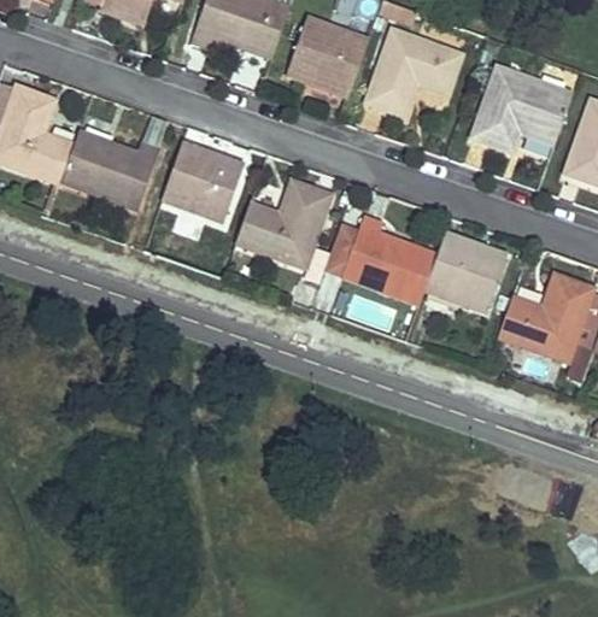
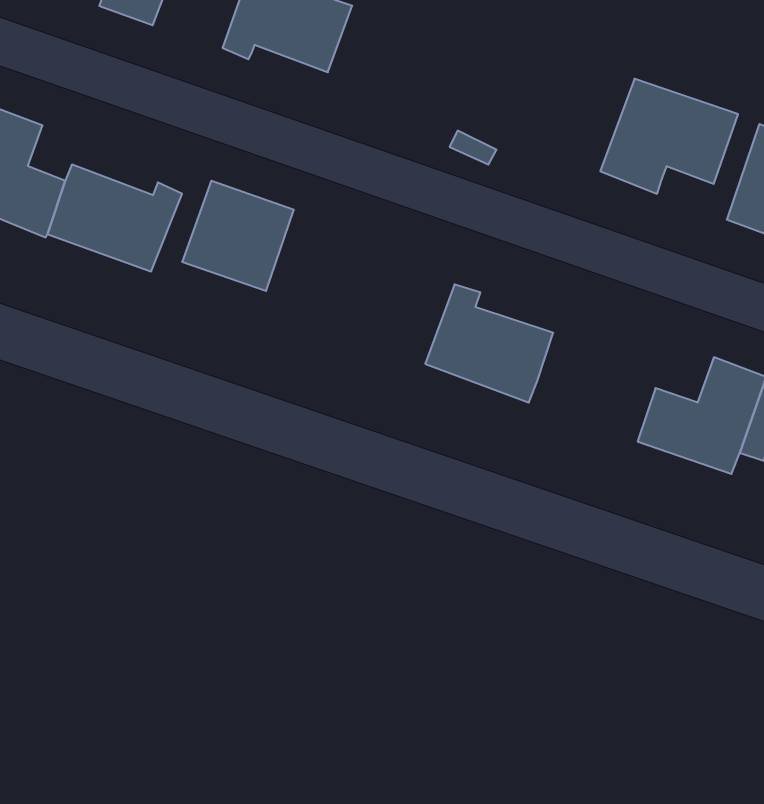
building: [287,16,369,94] -> none
building: [367,28,463,114] -> none
building: [235,182,332,269] -> none
building: [424,231,509,312] -> none

